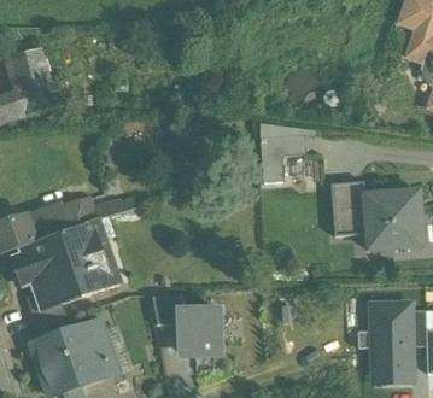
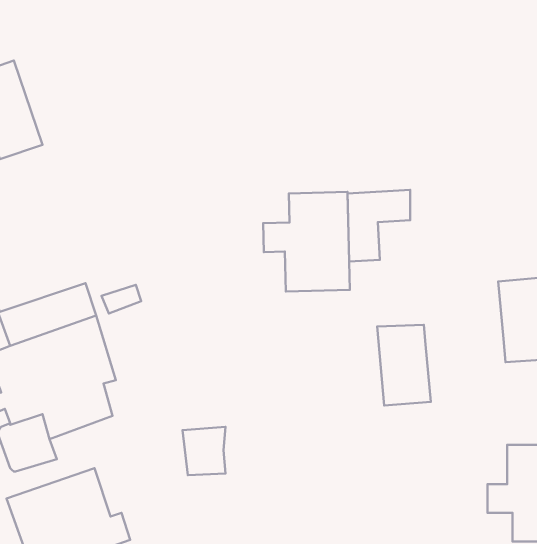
building: none -> [263,192,350,291]
building: [330,182,367,236] -> [377,325,431,405]
building: [179,308,221,352] -> none

